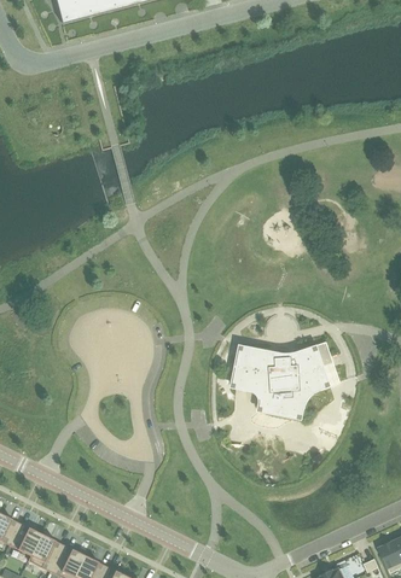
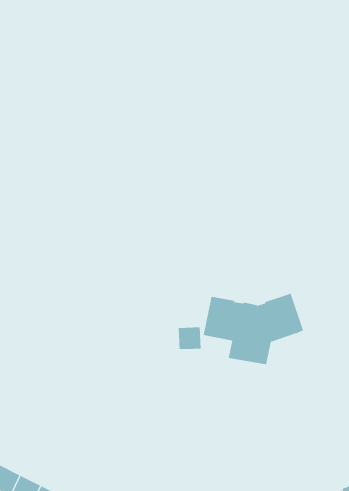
building: none -> [178,327,207,350]

